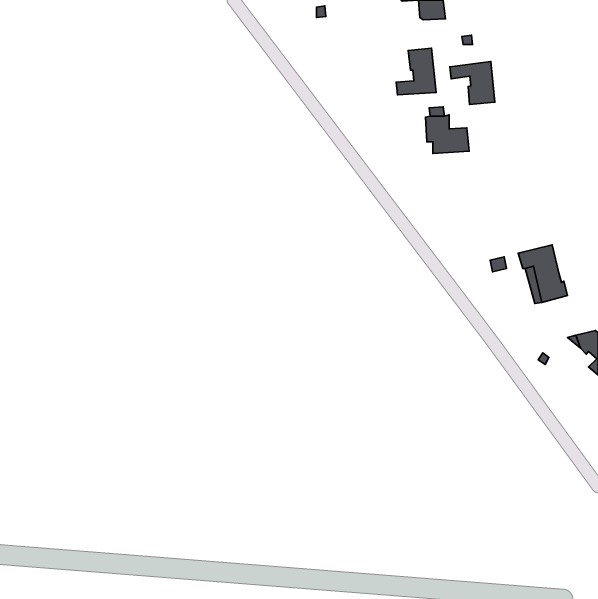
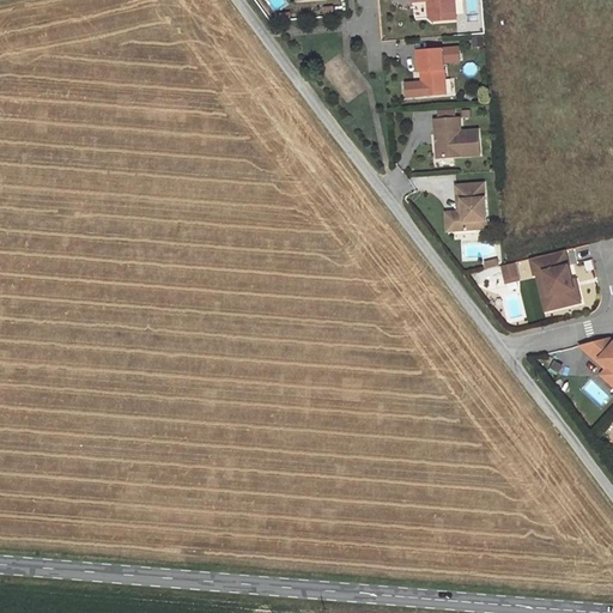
building: [450,61,495,105] -> none
building: none -> [450,183,486,230]

